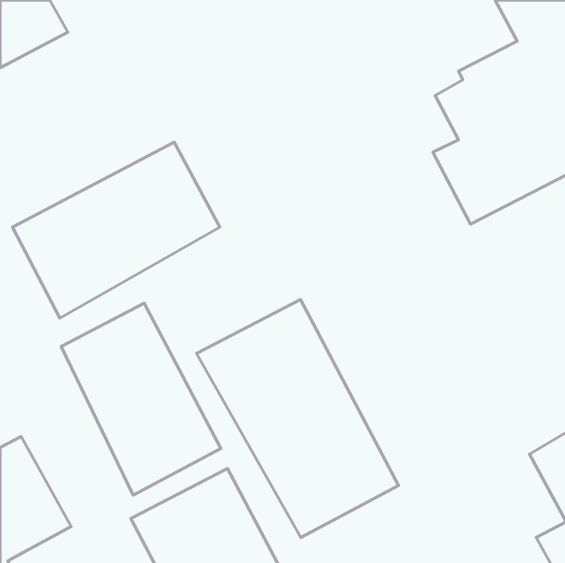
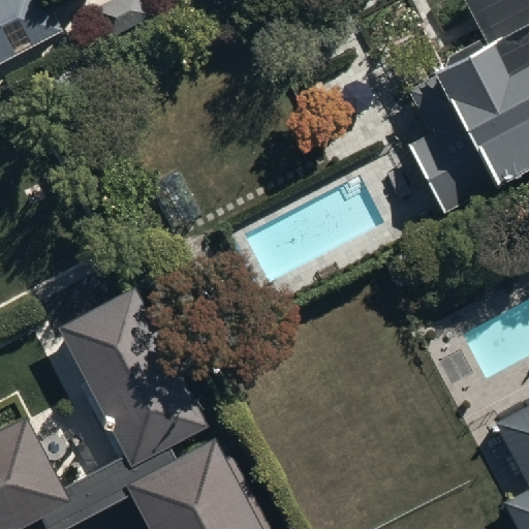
building: [12,142,220,318] -> none
building: [197,299,398,538] -> none

